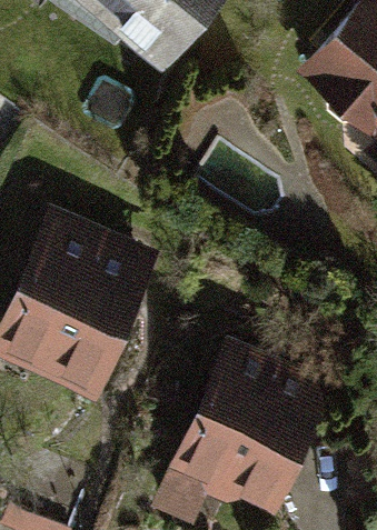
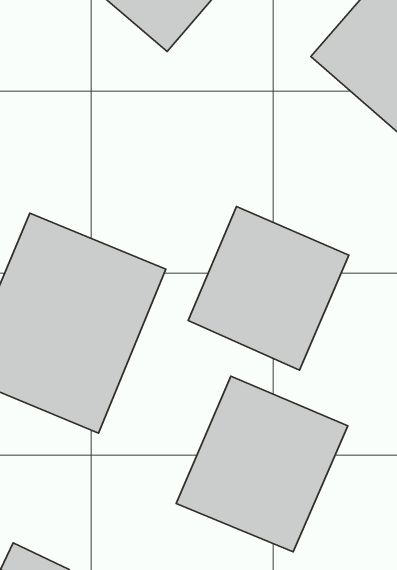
building: none -> [188,206,349,370]

